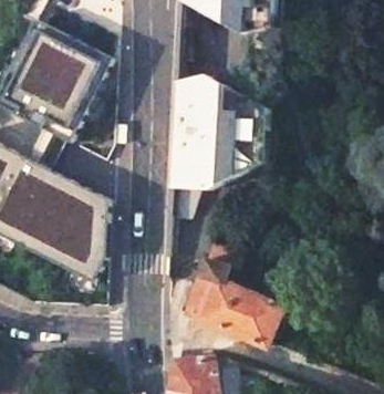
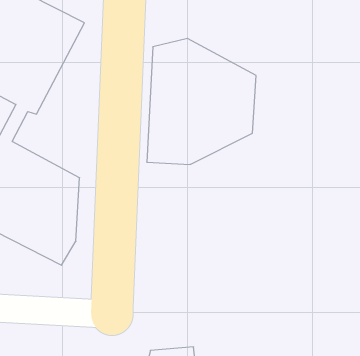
building: [181,238,281,346] -> none

